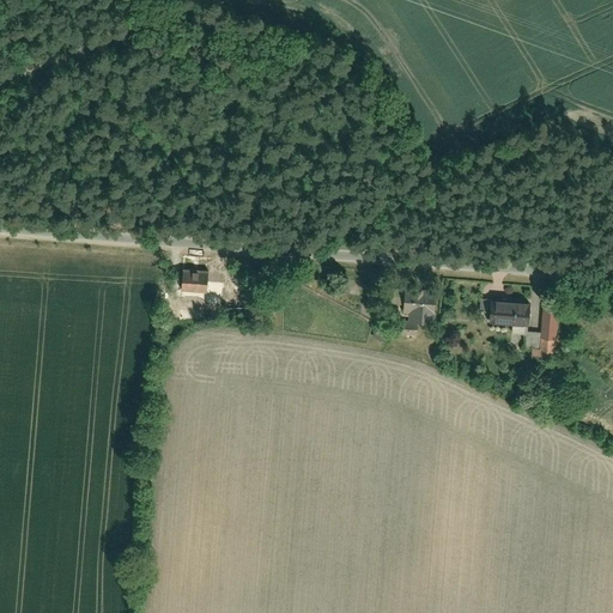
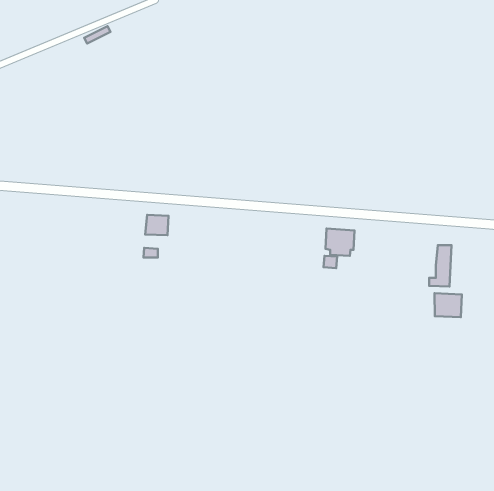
building: [488,298,529,335] -> none
building: none -> [435,293,462,317]

